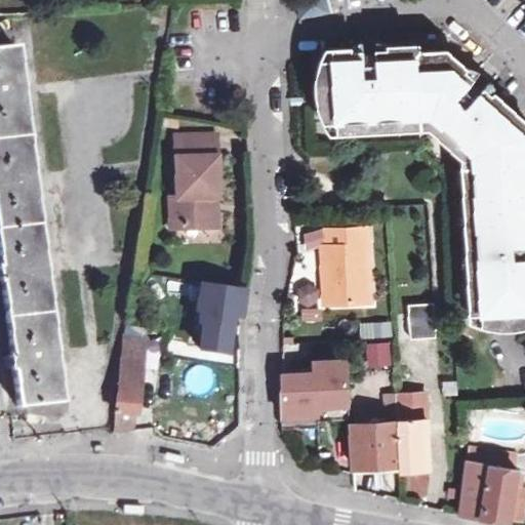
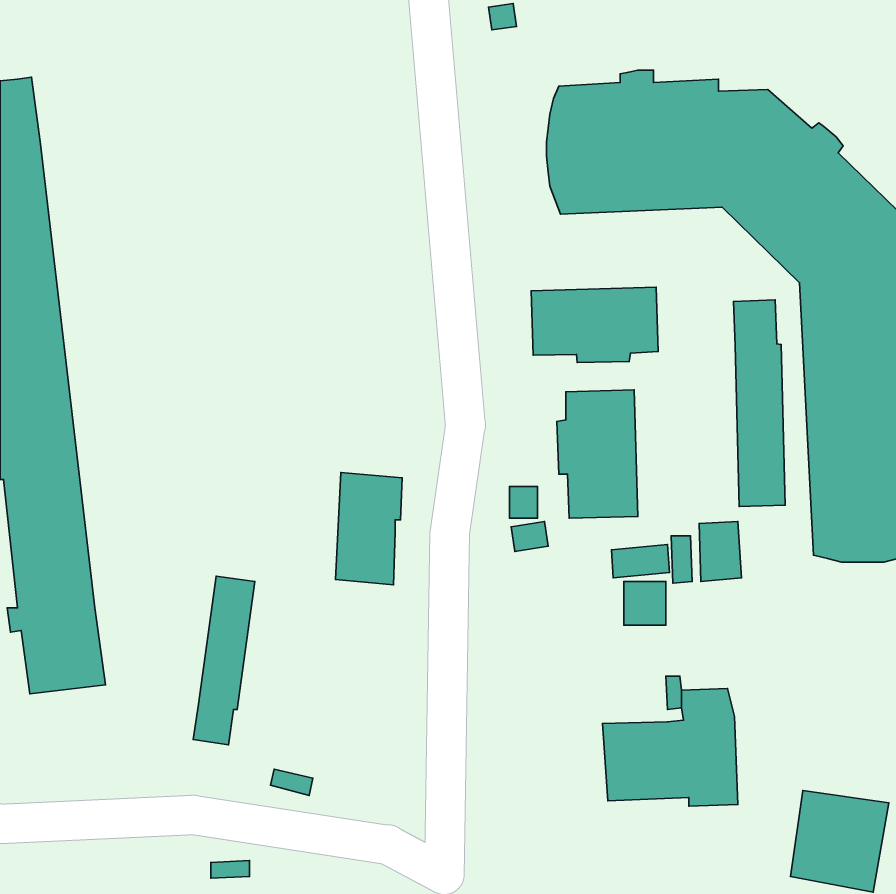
building: [163,137,221,232] -> none
building: none -> [531,287,658,363]
building: none -> [733,300,785,506]
building: [286,361,352,418] -> none

